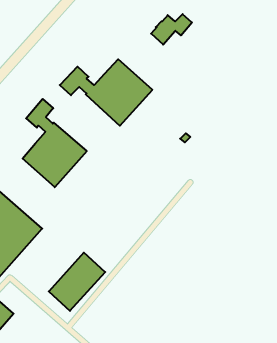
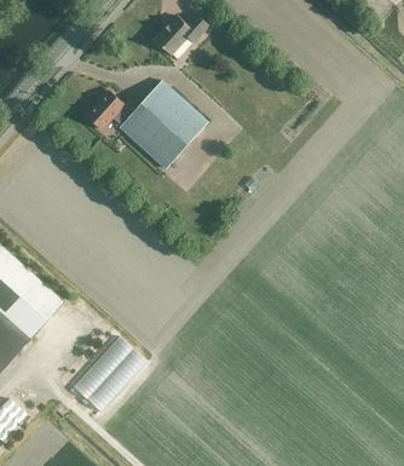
building: [151,14,192,45] -> [156,13,209,53]
building: [23,99,87,187] -> none

